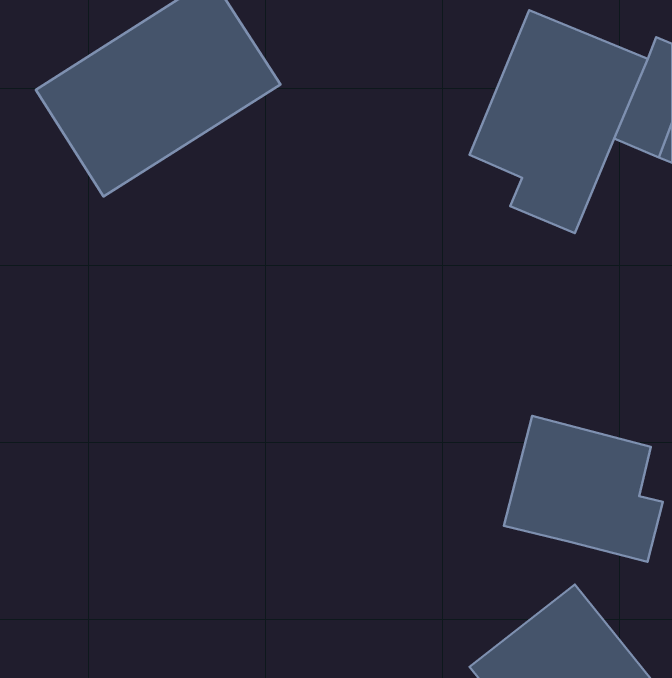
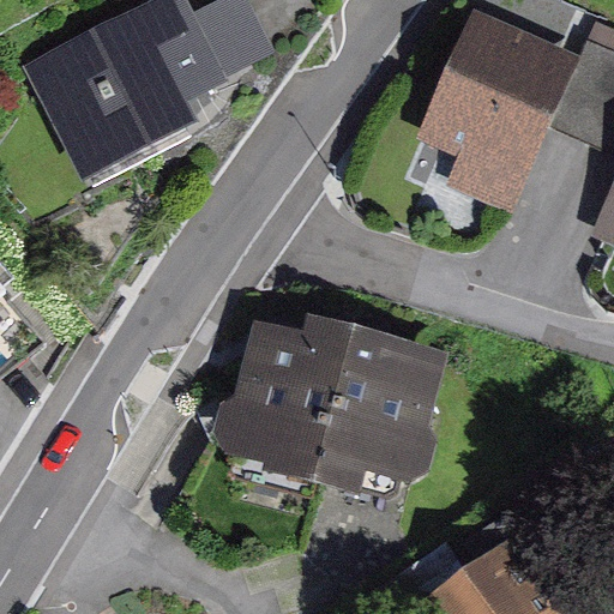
building: none -> [219,300,449,486]
building: [504,416,663,562] -> none

